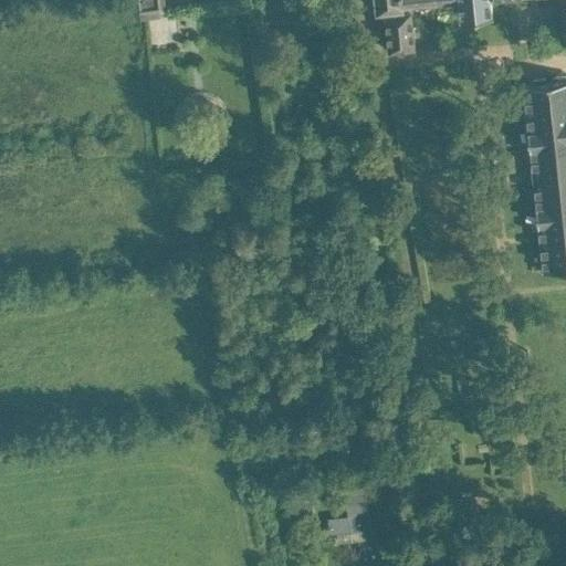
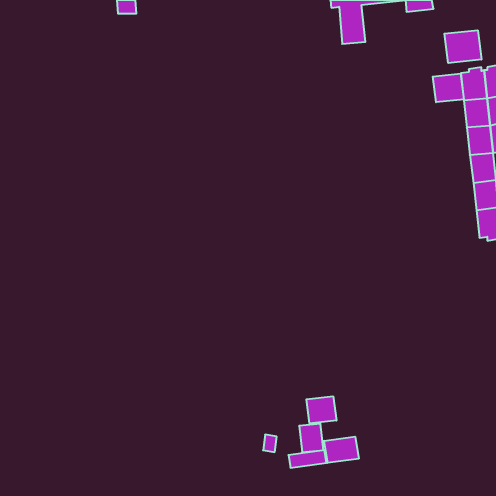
building: none -> [444,30,481,63]
building: none -> [433,74,464,102]
building: none -> [306,396,336,424]
building: none -> [324,437,359,463]

